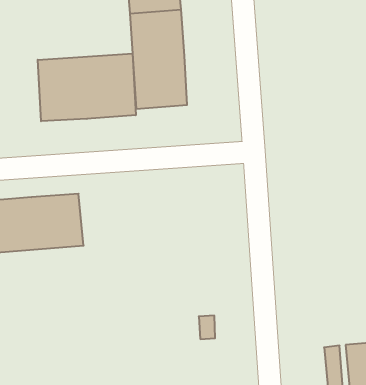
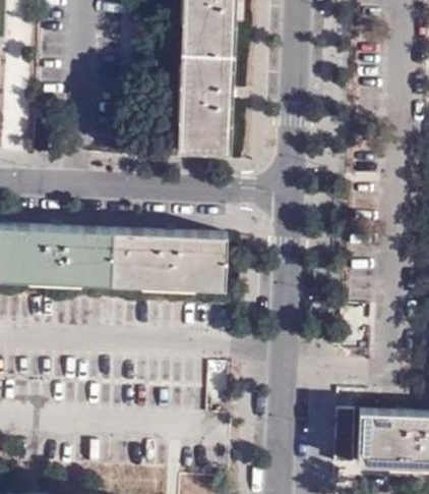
building: [38,54,136,121] -> none
building: none -> [107,228,227,286]

